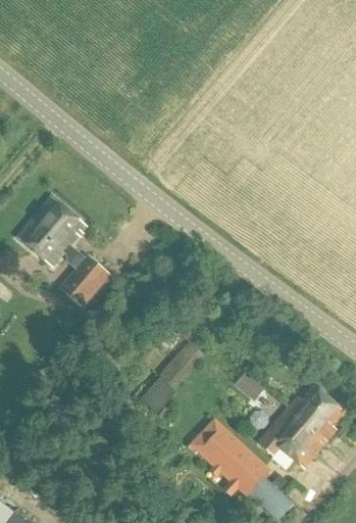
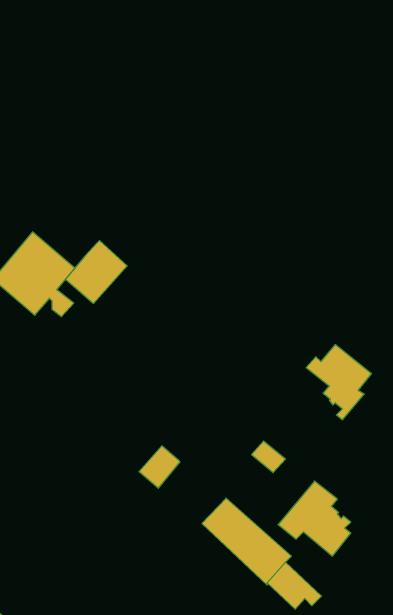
building: [58,254,110,307] -> [66,241,127,303]
building: [157,341,204,389] -> none
building: [288,387,343,450] -> [306,345,372,420]

